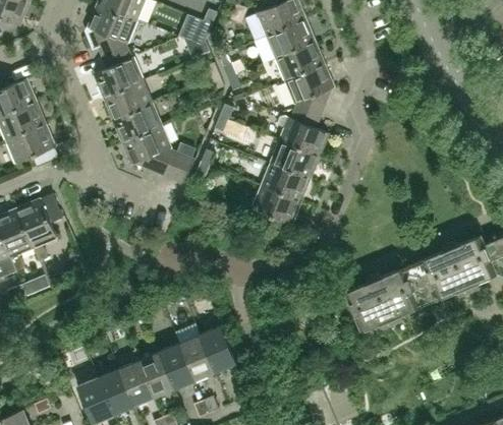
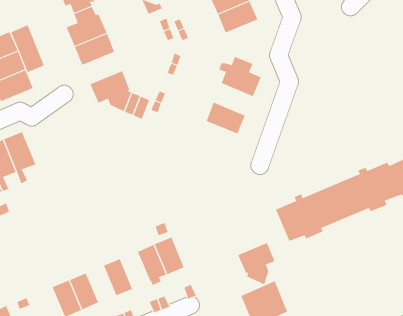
building: [285,65,334,118] -> none
building: none -> [10,25,45,73]
building: [113,104,162,142] -> none
building: [271,141,319,180] -> none
building: [252,187,300,226] -> none
building: none -> [237,242,275,285]
building: [159,344,194,388] -> none
building: [118,360,154,405] -> none

